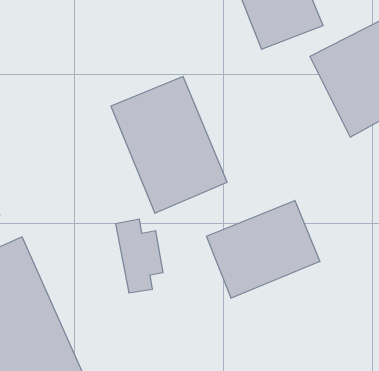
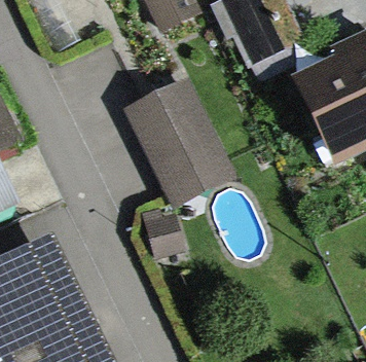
building: [207,200,320,298] -> none

